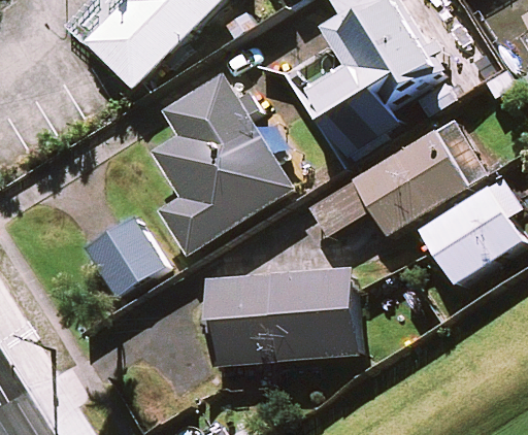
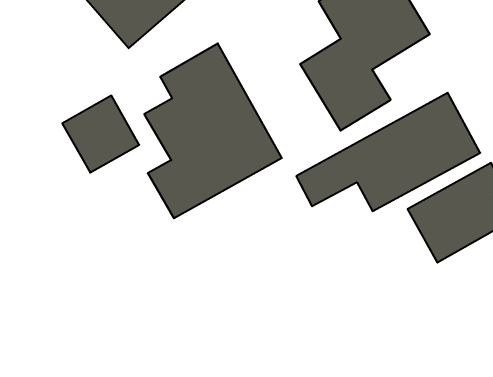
building: [84,215,162,294] -> [62,96,139,173]
building: [205,268,356,365] -> none

